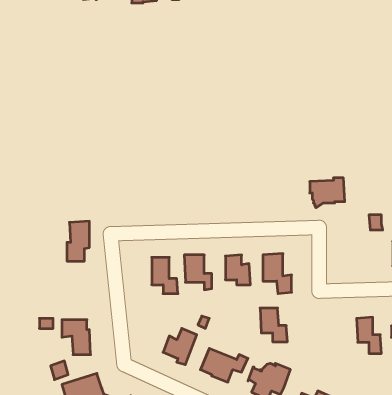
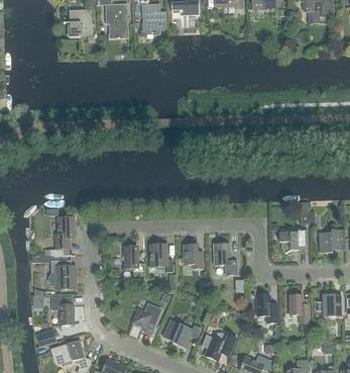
building: [310,178,345,208] -> [279,229,308,254]
building: none -> [48,260,76,288]
building: [260,308,287,342] -> [256,295,278,322]

